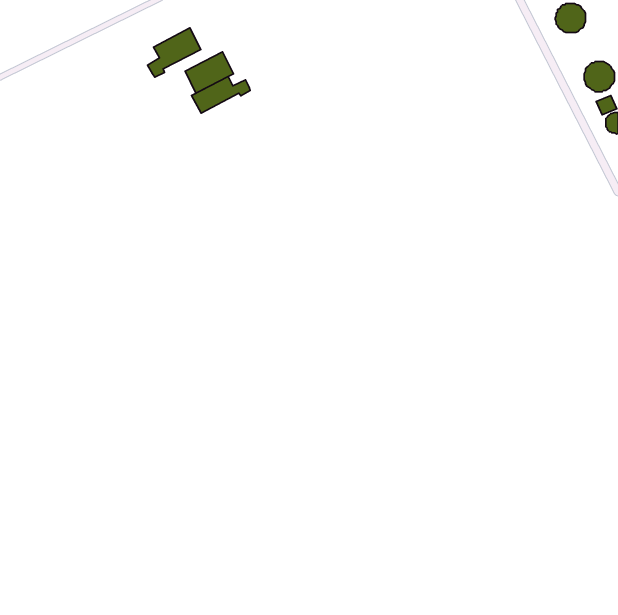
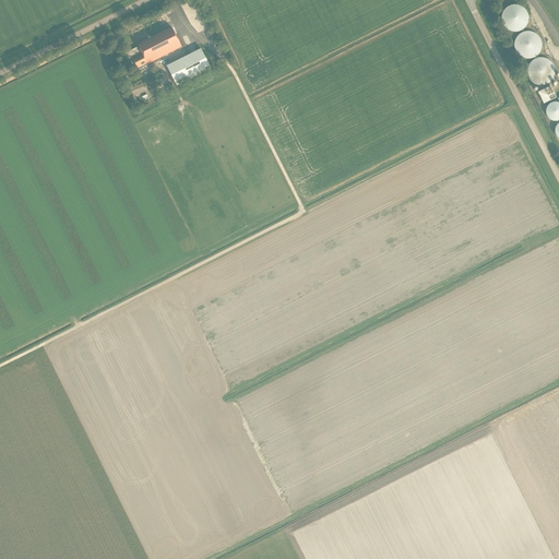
building: none -> [514,29,542,57]
building: [191,76,250,113] -> none

